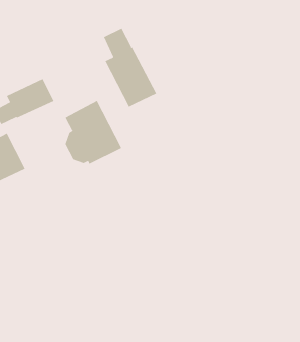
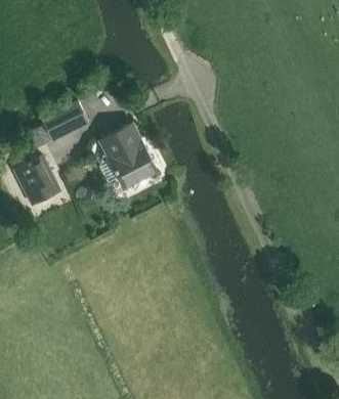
building: [103,28,157,108] -> none

